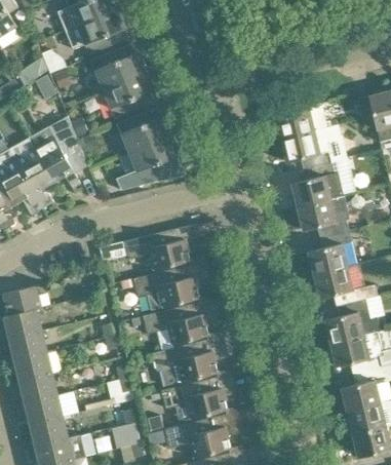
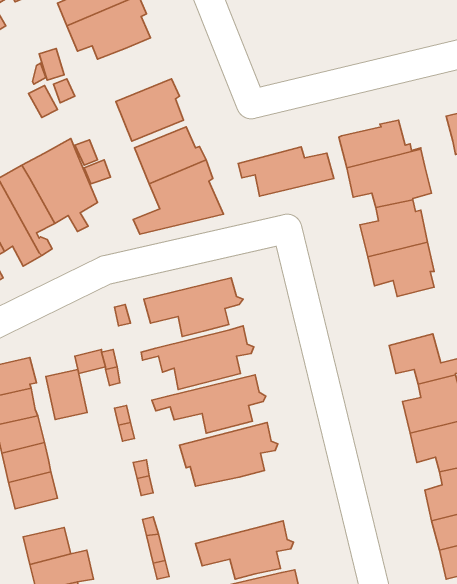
building: [89,44,145,88] -> none
building: none -> [238,147,334,196]
building: [307,232,357,277] -> none
building: none -> [46,370,87,420]
building: [160,375,236,420] -> none
building: [24,395,62,425] -> none

